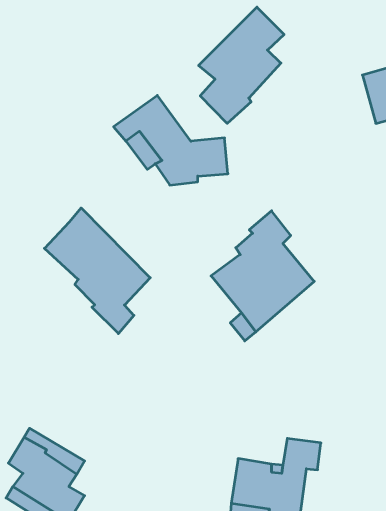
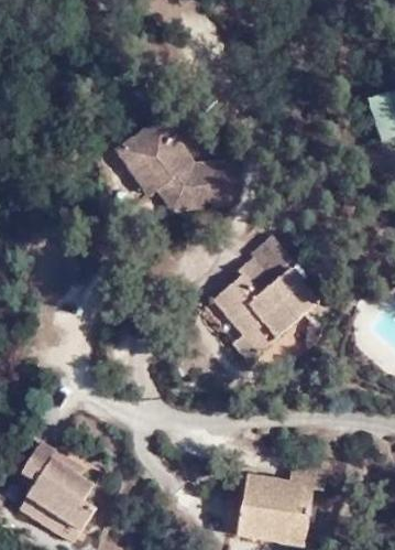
building: [199,7,284,123] -> none
building: [44,208,150,334] -> none

